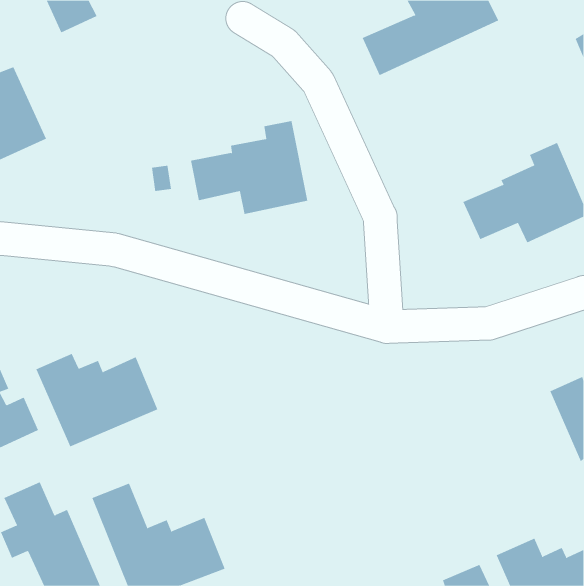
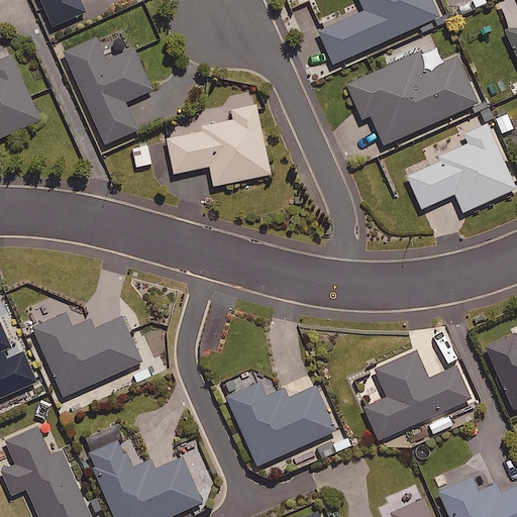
building: none -> [66,41,153,147]
building: none -> [348,55,481,150]
building: none -> [363,348,469,437]
building: none -> [224,380,333,462]

